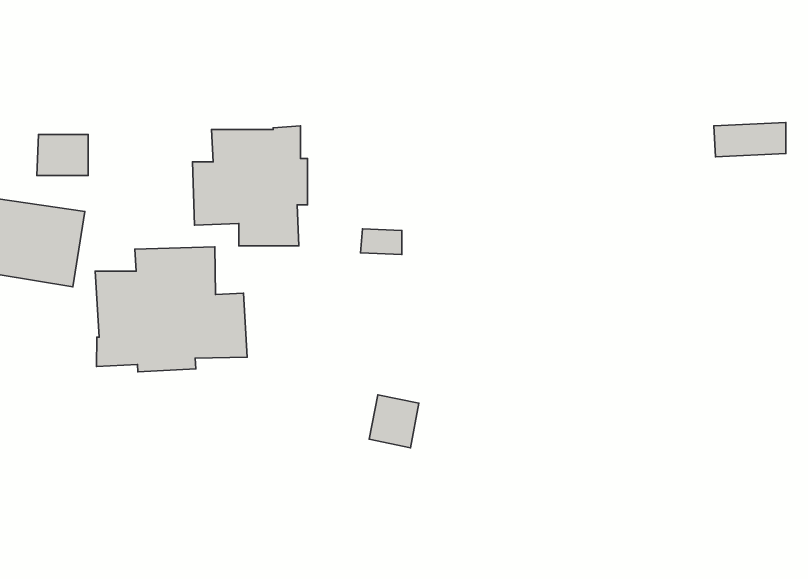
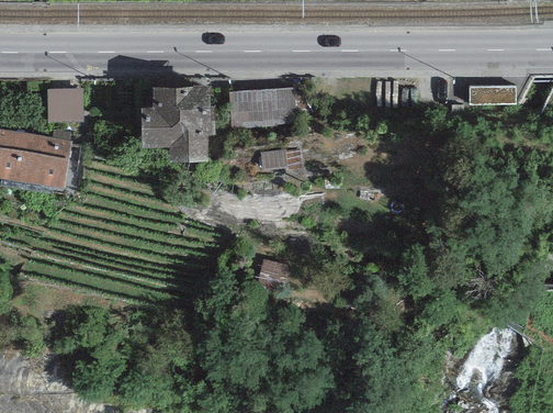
building: none -> [233,90,290,119]
building: [95,247,247,372] -> none

